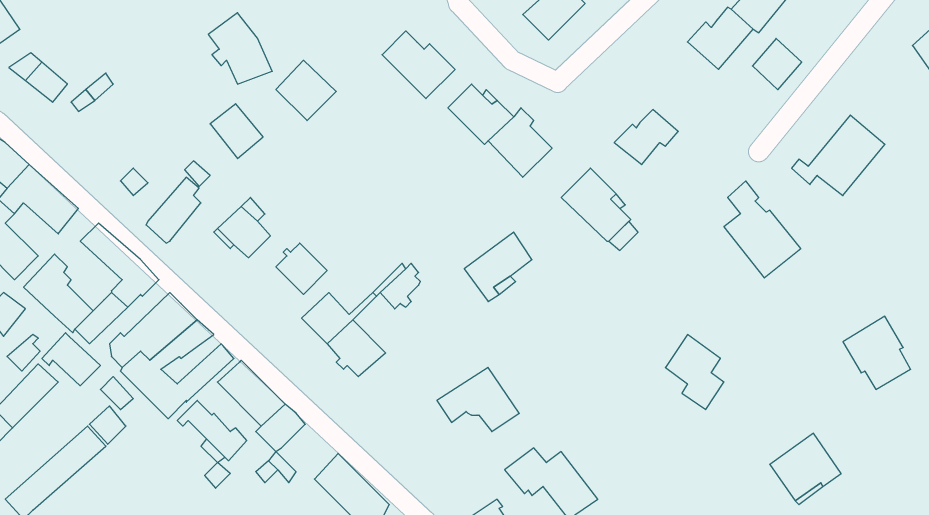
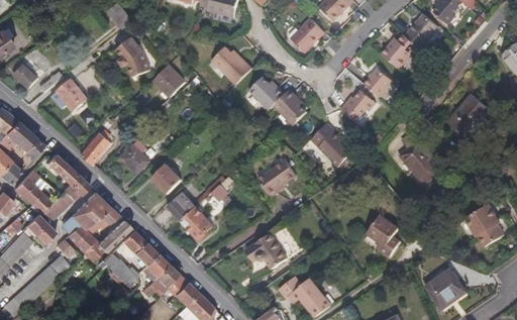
building: [752,38,802,90] -> [364,69,391,97]
building: [210,104,263,159] -> [58,80,87,110]
building: none -> [156,264,187,295]

